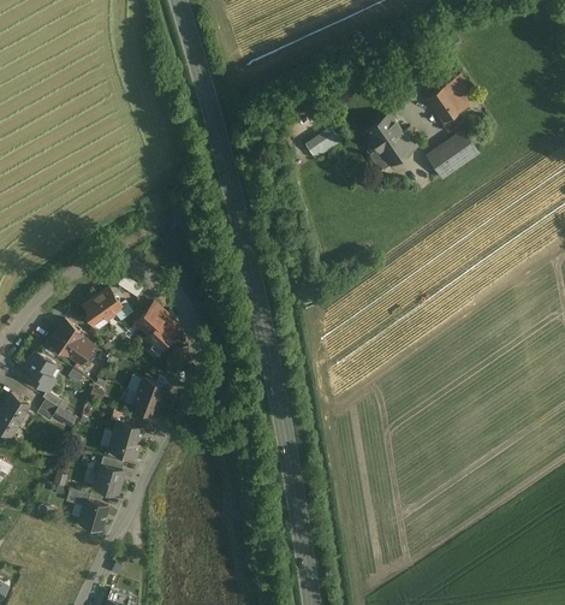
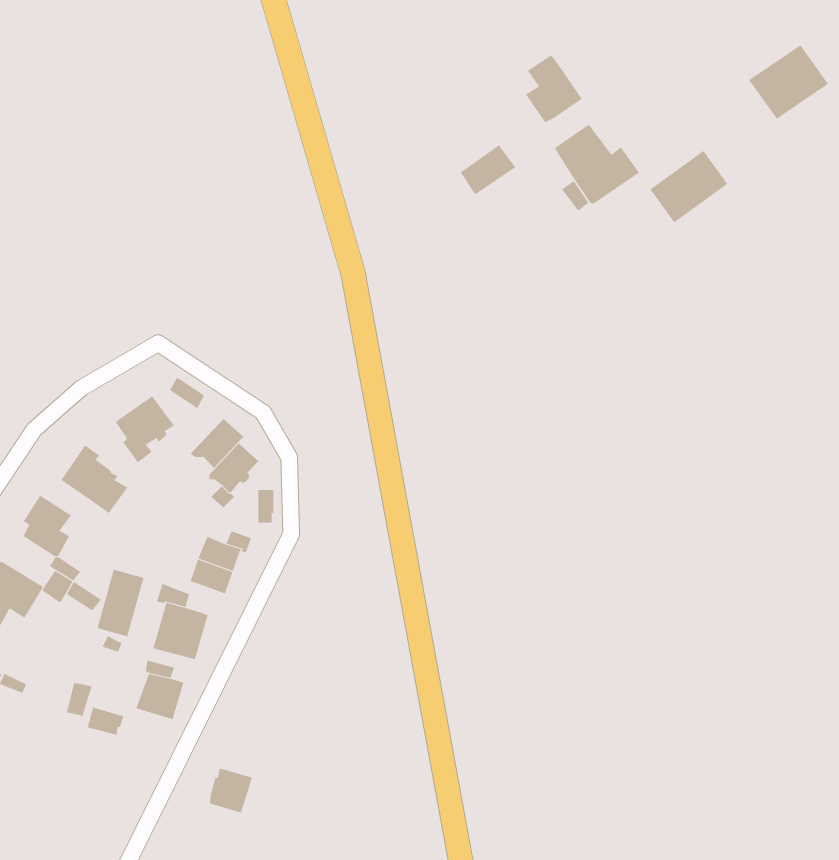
building: none -> [525,54,582,123]
building: [423,75,475,123] -> [748,44,829,119]
building: none -> [97,569,144,637]
building: [79,502,107,530] -> [210,768,253,813]

